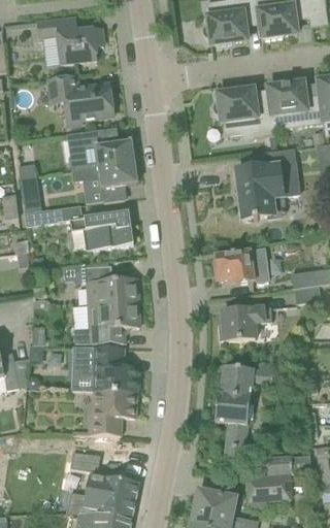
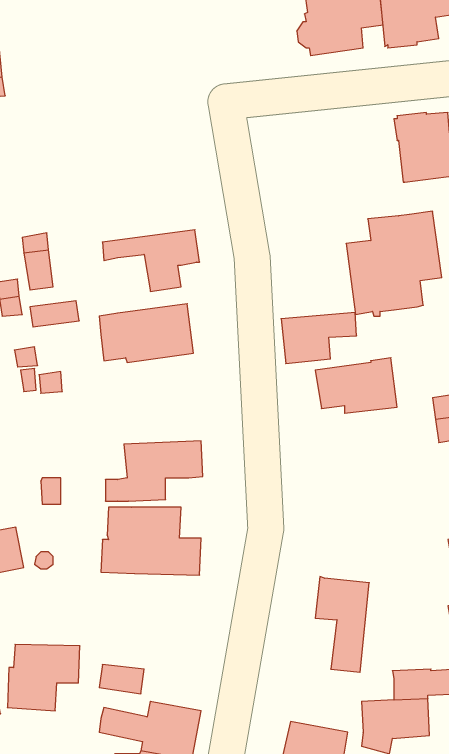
building: [35,16,102,62] -> none
building: [48,73,112,124] -> none
building: [210,88,274,137] -> none
building: [69,126,133,168] -> none
building: [85,264,137,303] -> none
building: [221,305,271,339] -> [281,313,357,364]
building: [220,362,272,396] -> none
building: [88,390,136,434] -> [7,644,80,711]

